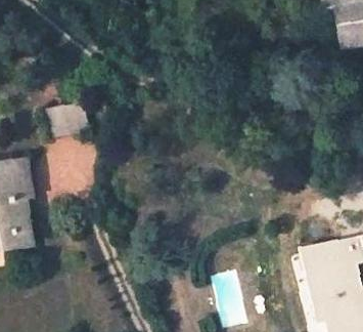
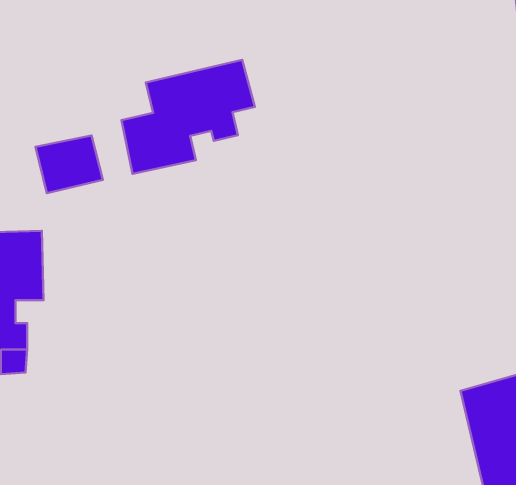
building: none -> [121,60,255,174]

